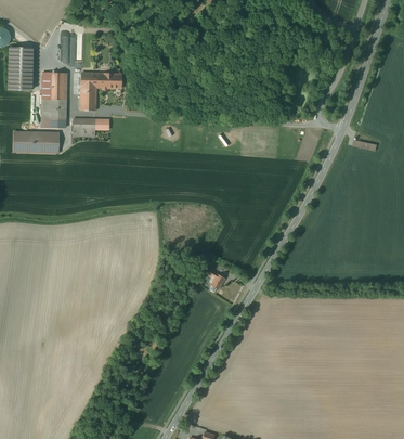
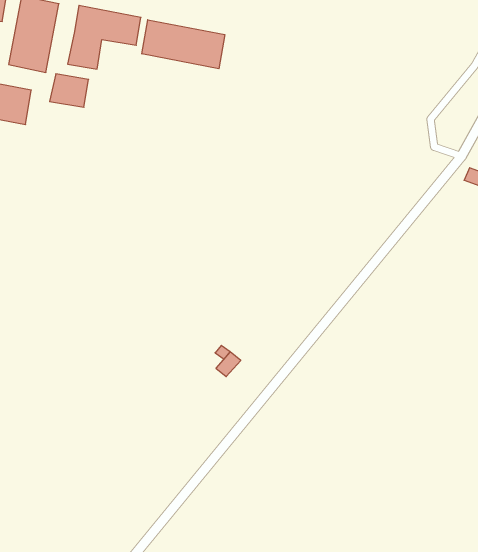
building: none -> [142,20,225,69]

